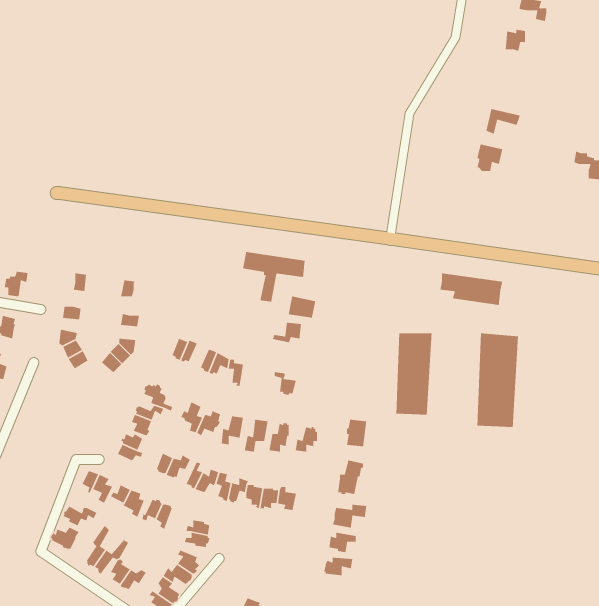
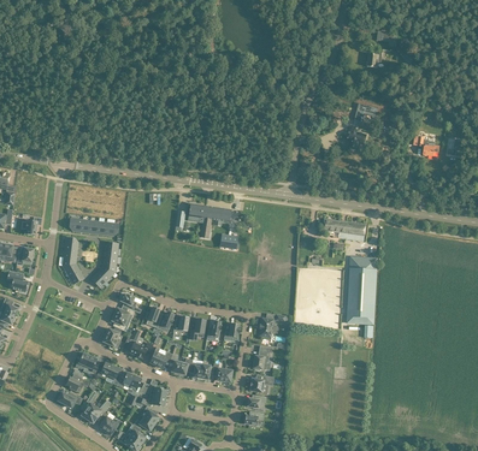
building: [395,332,432,416] -> none

